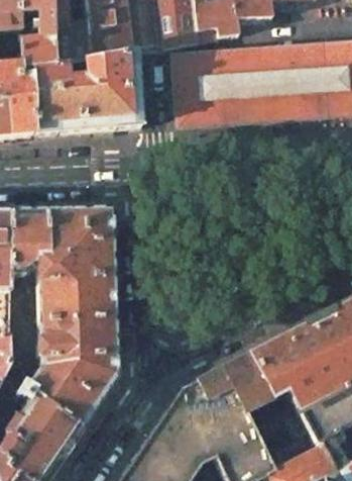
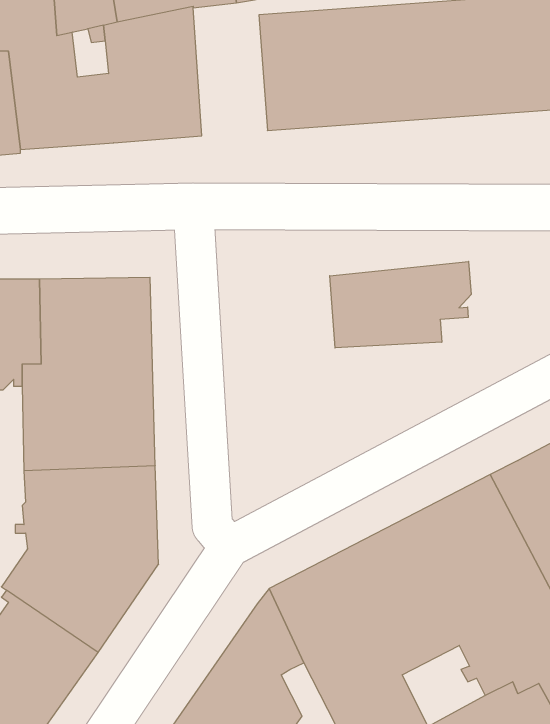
building: none -> [330,261,471,348]

